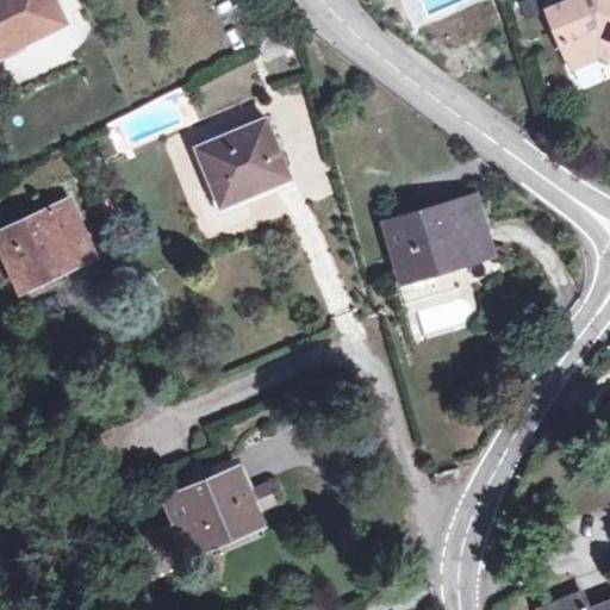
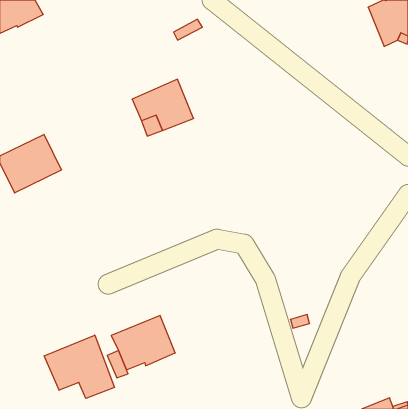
building: [386,198,490,279] -> none
building: none -> [44,335,114,398]

